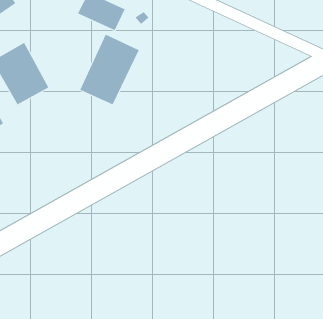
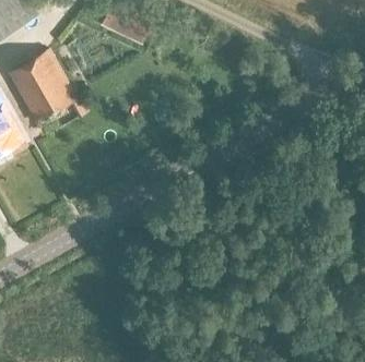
building: [80,34,140,105] -> none

